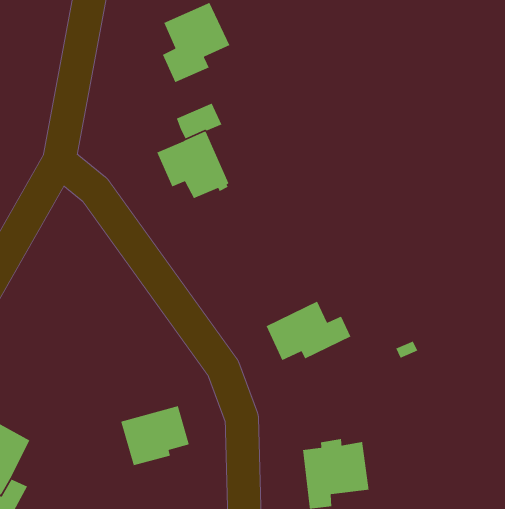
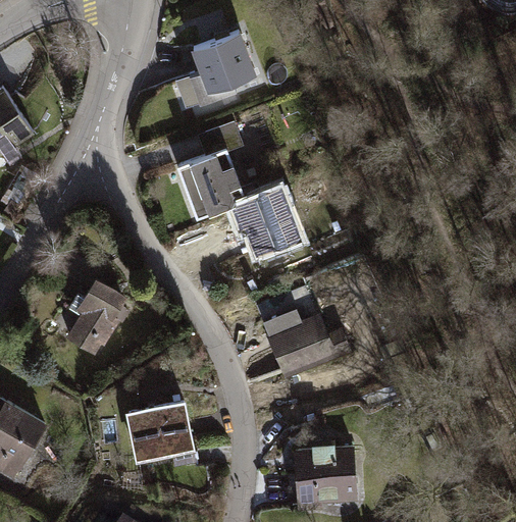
building: none -> [235,189,298,255]
building: none -> [69,281,122,353]

